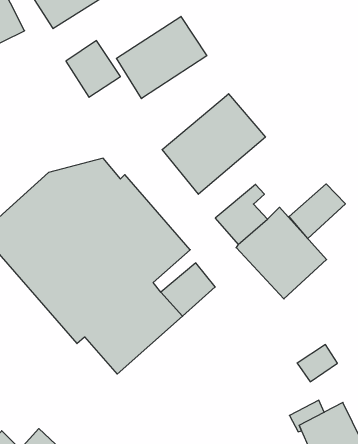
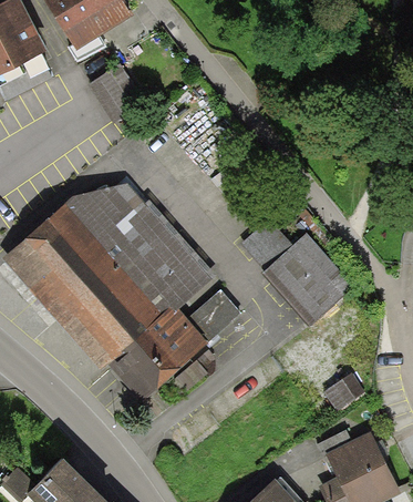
building: [116,16,207,99] -> none
building: [162,94,265,194] -> none
building: [289,184,345,239] -> none

